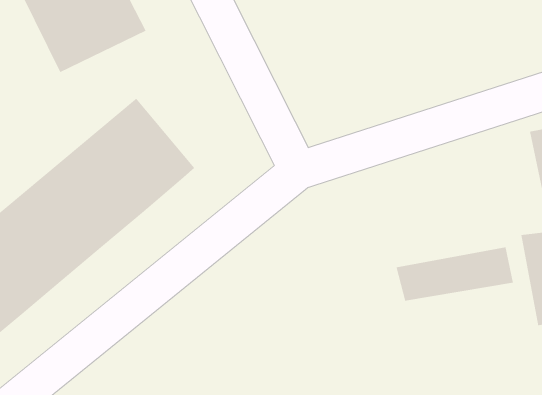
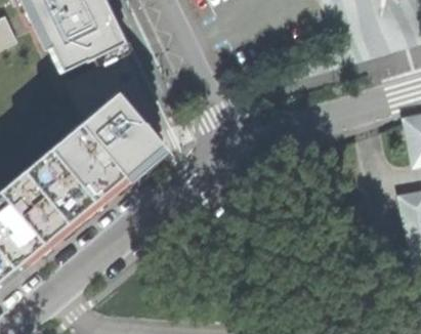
building: [396,247,514,302] -> none

